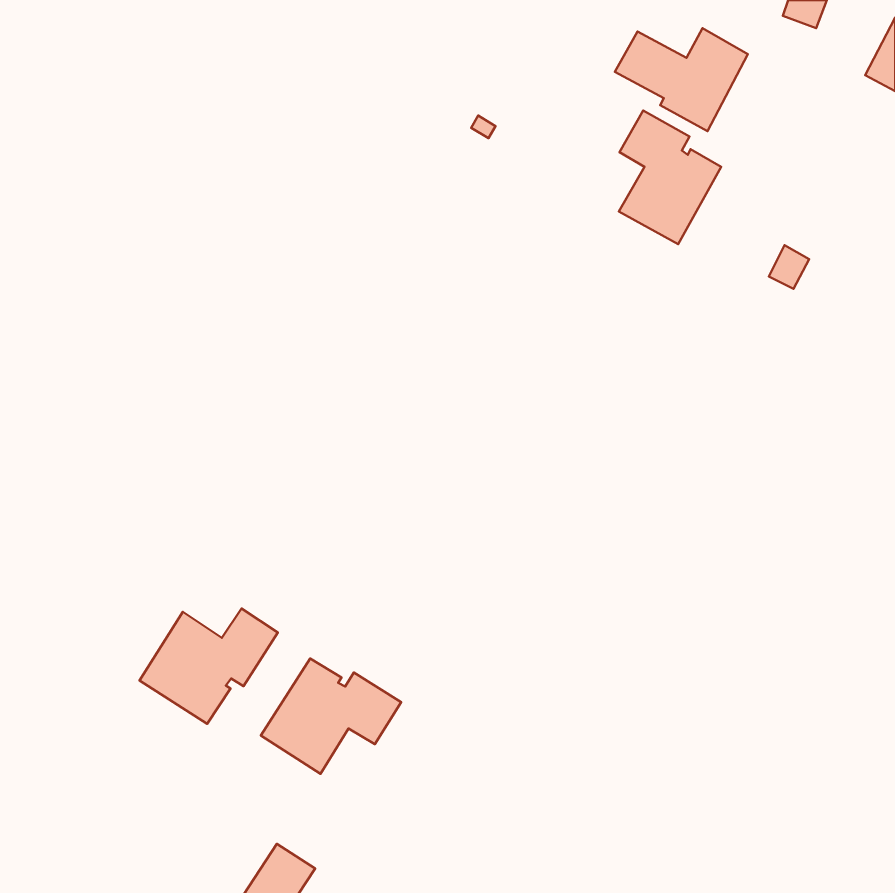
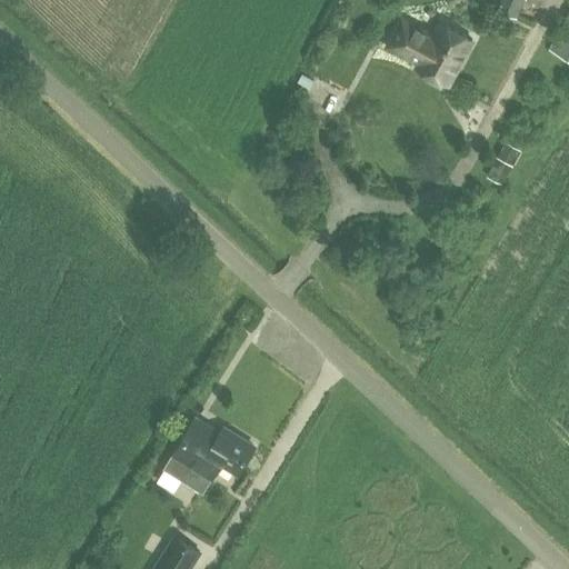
building: [619,110,721,244] -> none
building: [139,609,278,724] -> none

